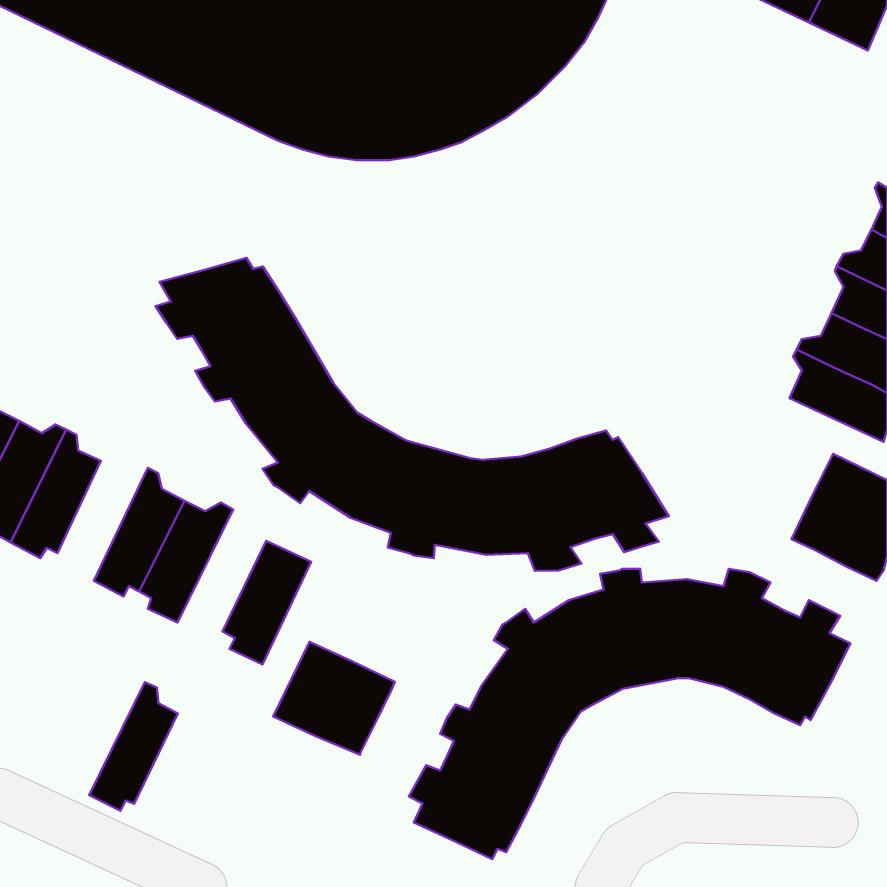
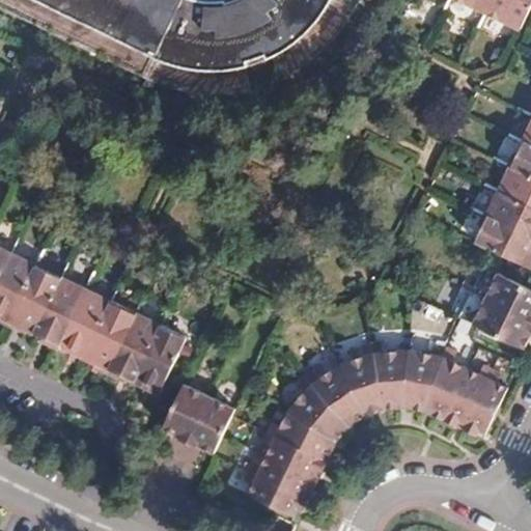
building: [155,258,669,571] -> none
building: none -> [34,275,88,346]
building: [89,682,178,811] -> [106,304,159,381]

